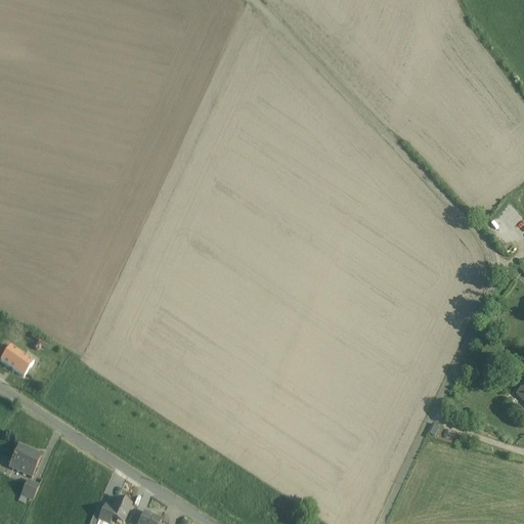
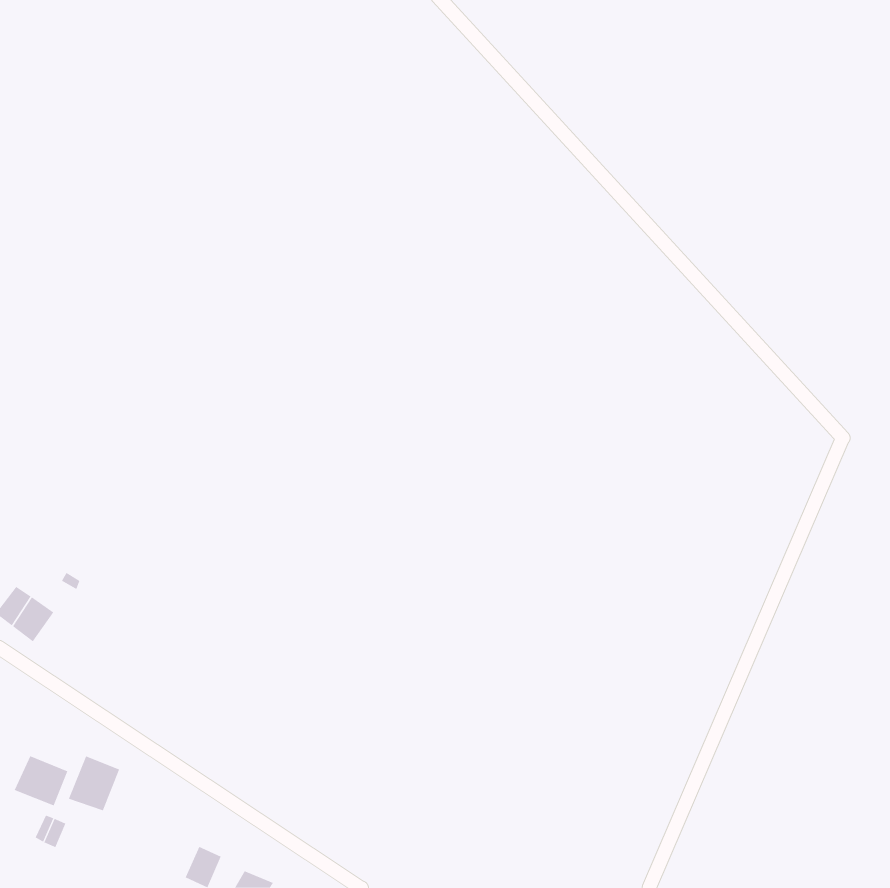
building: none -> [68,756,120,811]

